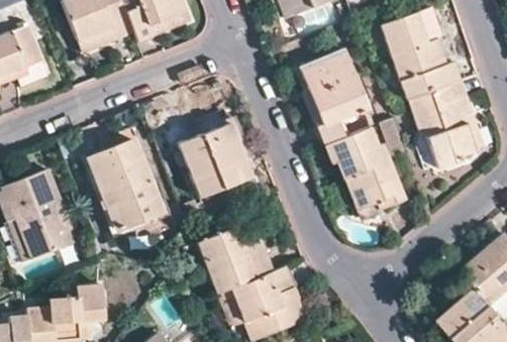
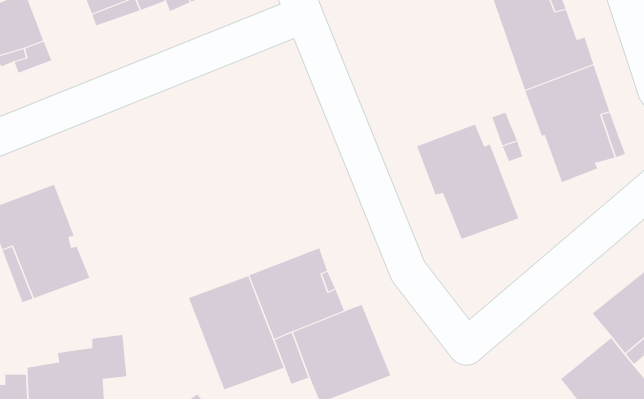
building: [301,49,371,142] -> none
building: [181,123,250,196] -> none
building: [89,140,163,228] -> [188,276,284,390]

